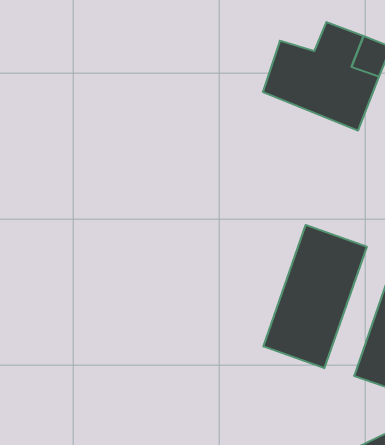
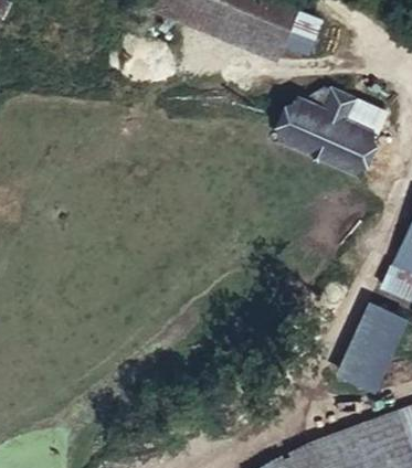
building: [263,225,367,368] -> none

